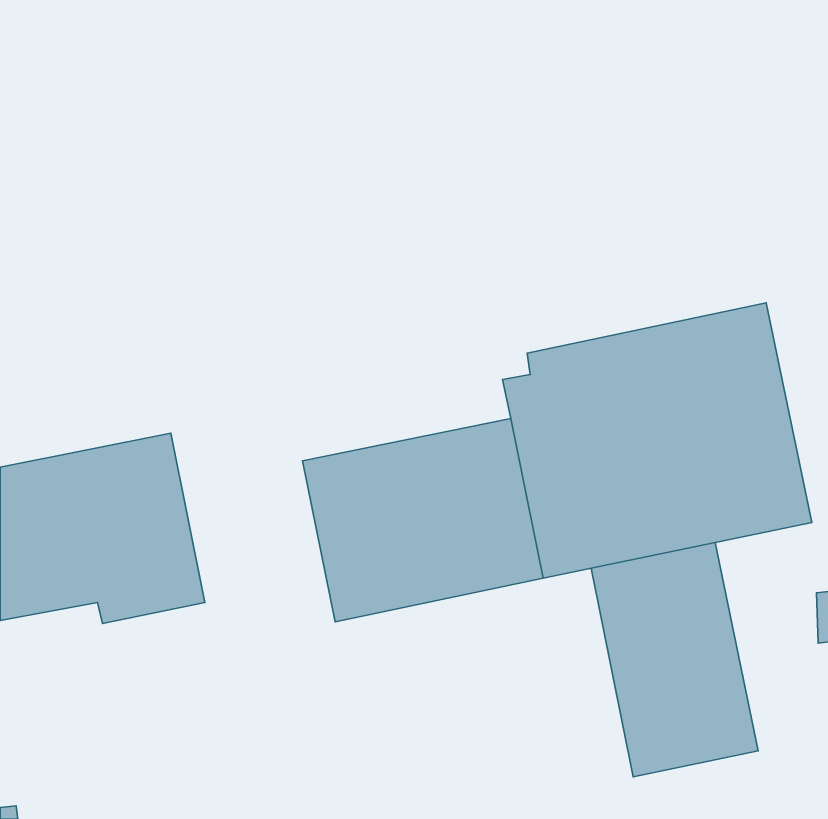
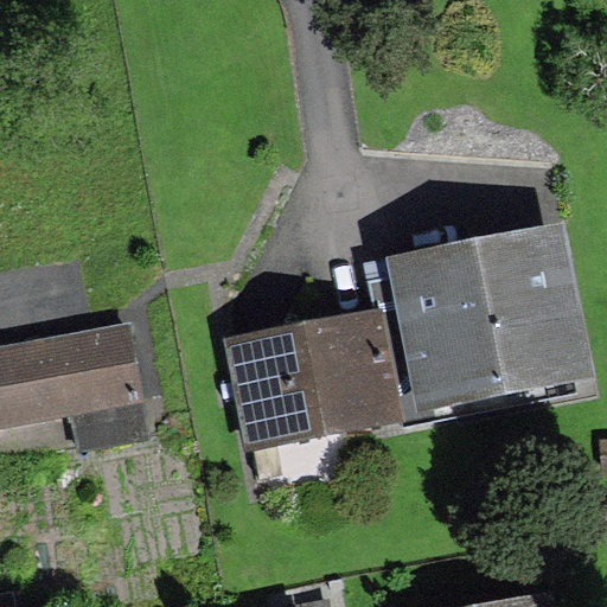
building: [591,543,758,777] -> none

